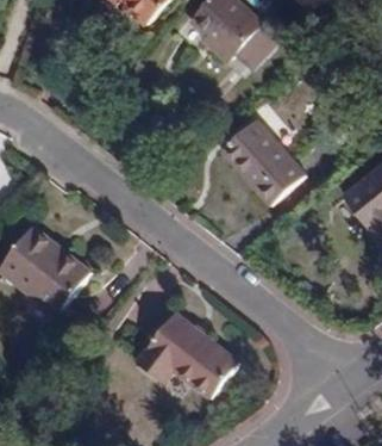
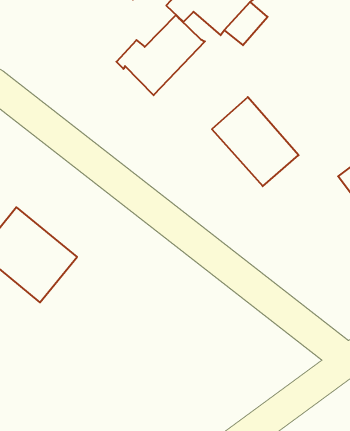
building: none -> [116,15,205,95]
building: [137,312,239,398] -> none

